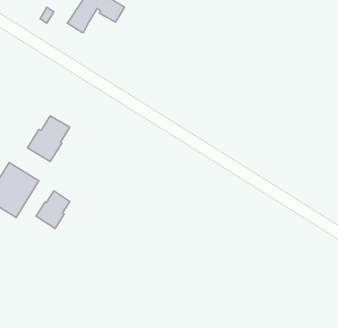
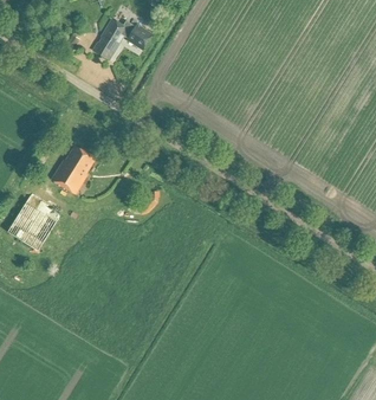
building: [36,191,70,229] -> none

